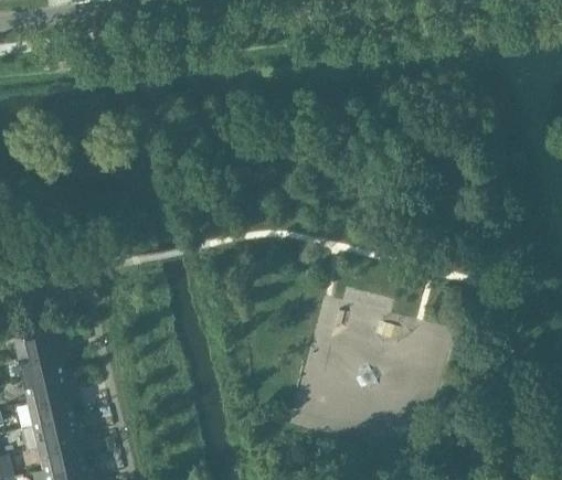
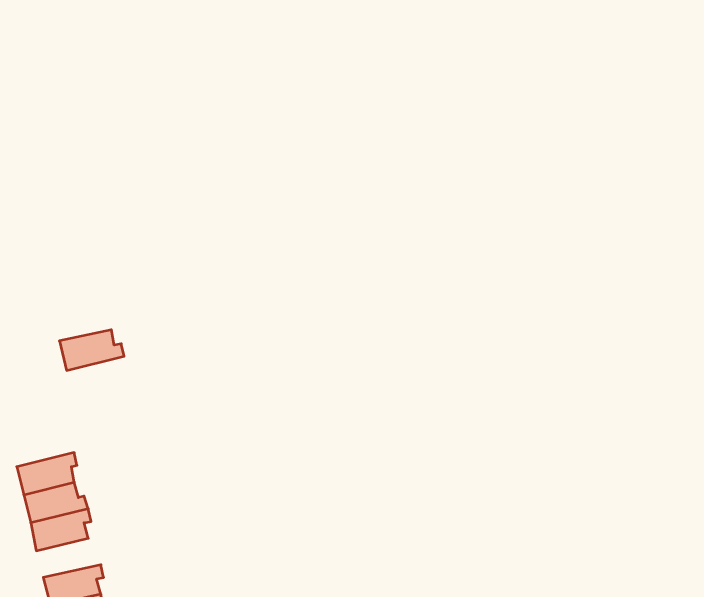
building: [11,342,62,374] -> [59,330,124,370]
building: [32,430,83,461] -> none

